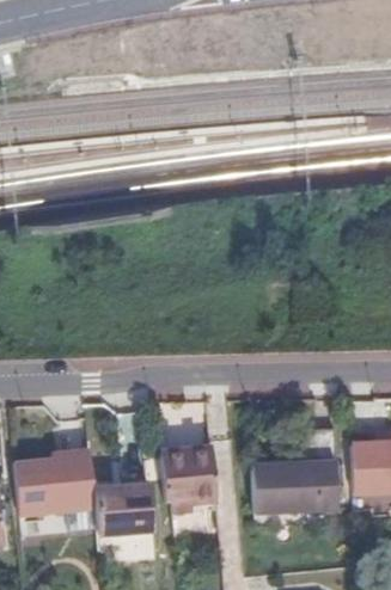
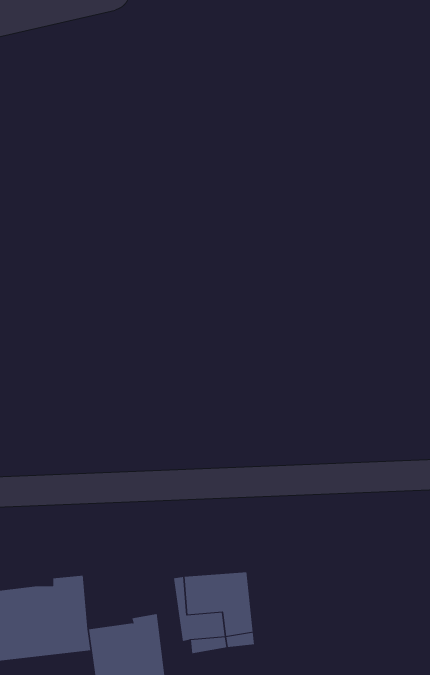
building: [255,424,342,510] -> none

